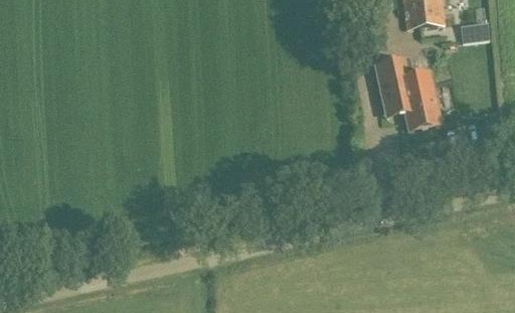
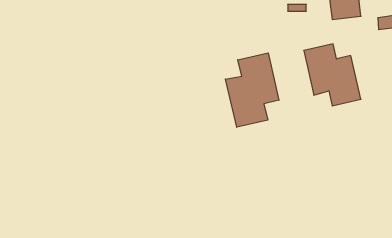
building: none -> [225,53,279,127]

